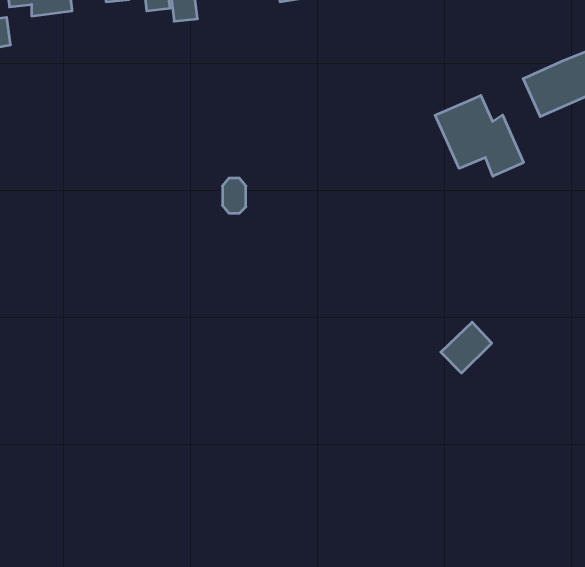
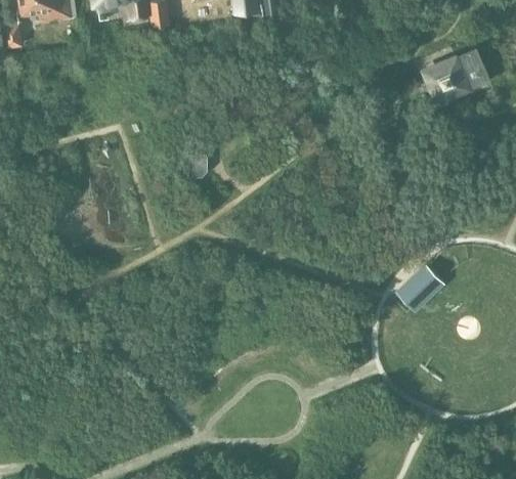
building: [435,95,524,176] -> none
building: [441,322,492,373] -> [398,267,438,307]

